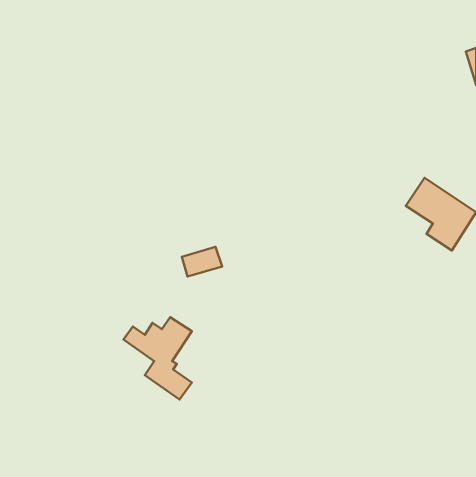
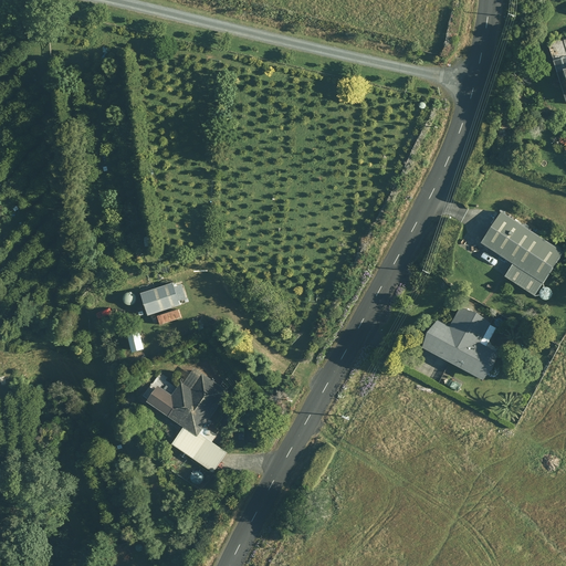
building: [182,247,222,277] -> [140,280,188,315]
building: none -> [421,307,497,379]

